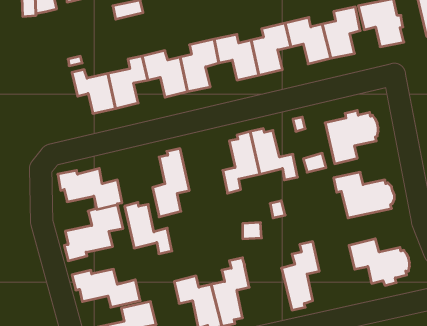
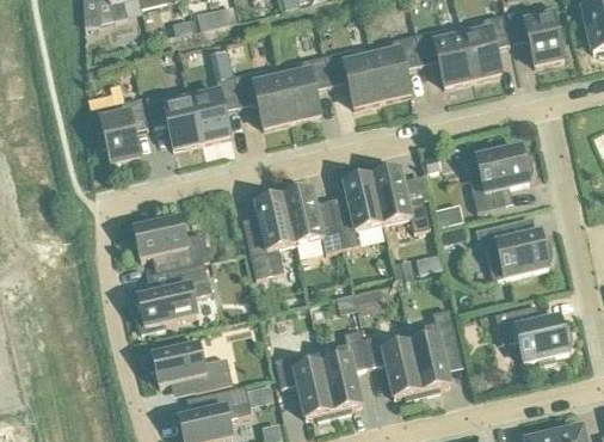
building: none -> [98,97,149,162]
building: [125,202,172,254] -> [283,186,343,251]
building: none -> [364,333,424,398]

